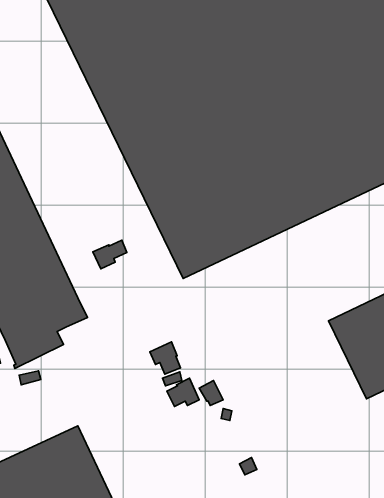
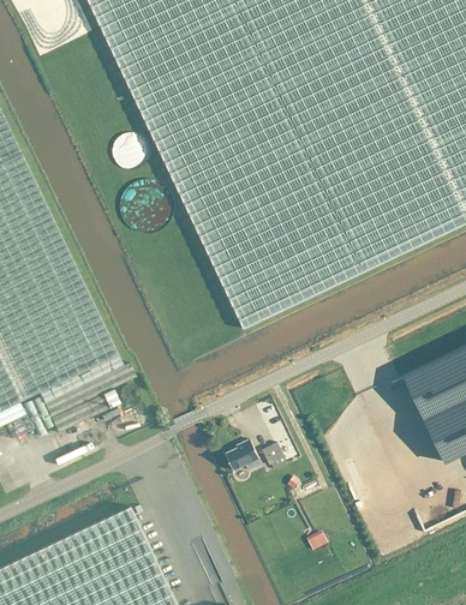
building: [93,240,127,269] -> none
building: [150,342,181,374] -> none

